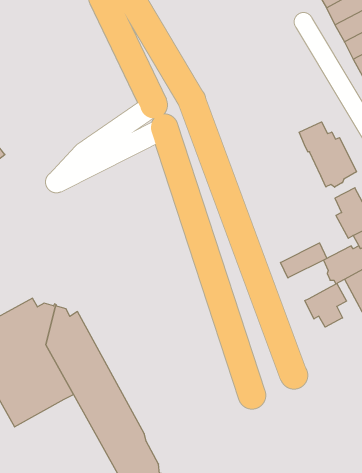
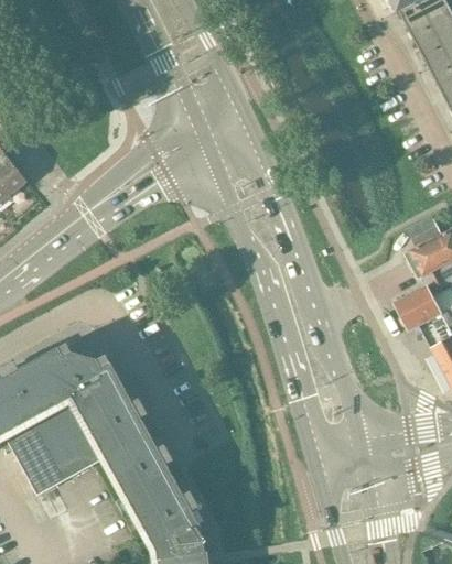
building: [299,122,356,187] -> none
building: [281,243,327,278] -> none
building: [305,283,347,327] -> none

